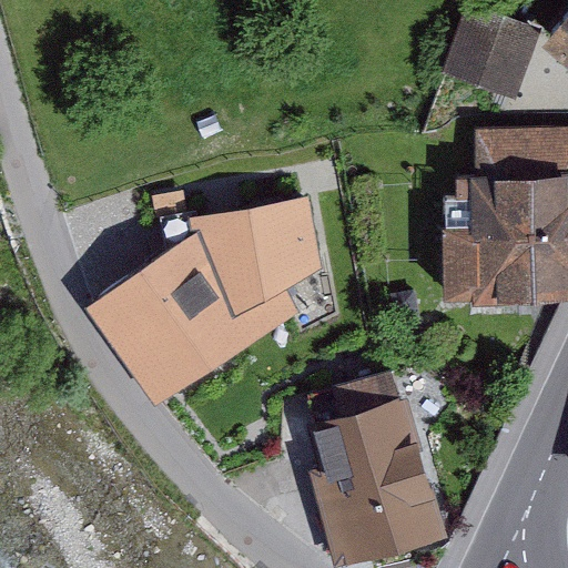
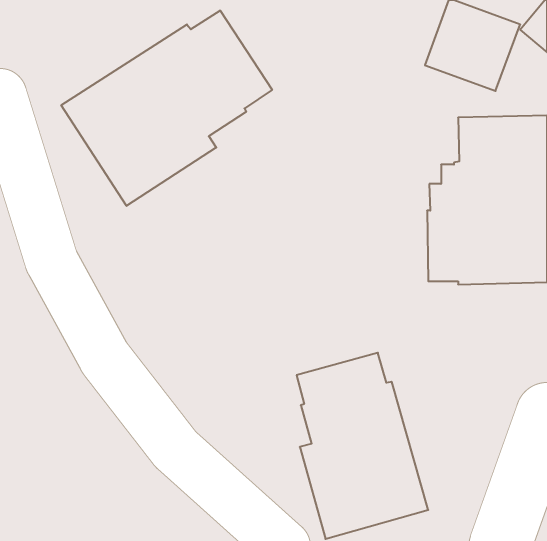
building: none -> [61,10,272,206]
building: [93,205,324,409] -> none

